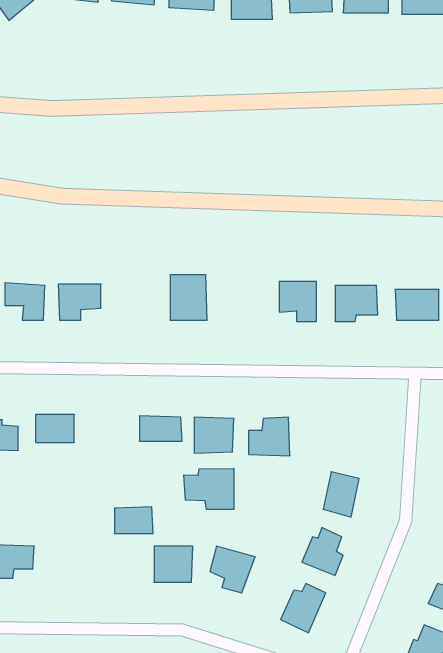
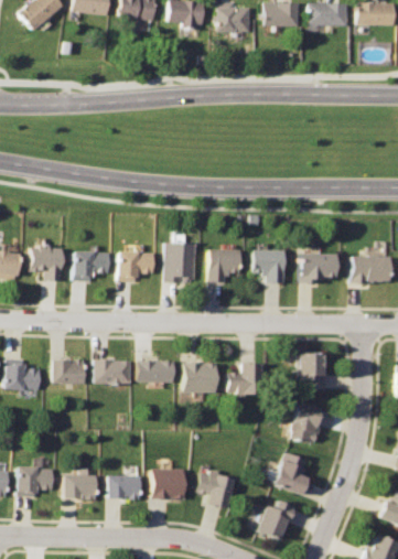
building: none -> [209,249,241,281]
building: none -> [119,252,153,282]
building: none -> [301,353,327,390]
building: none -> [96,361,131,384]
building: [184,468,234,509] -> none
building: [114,507,153,534] -> [108,474,140,496]
building: none -> [63,465,96,497]

